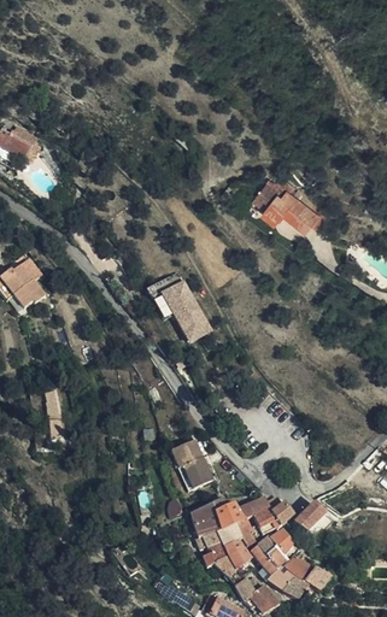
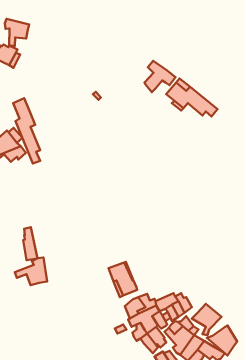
building: none -> [5,19,29,46]
building: none -> [145,61,175,92]
building: none -> [13,98,40,163]
building: [145,278,211,348] -> none
building: none -> [15,258,47,285]
building: none -> [207,326,237,356]

